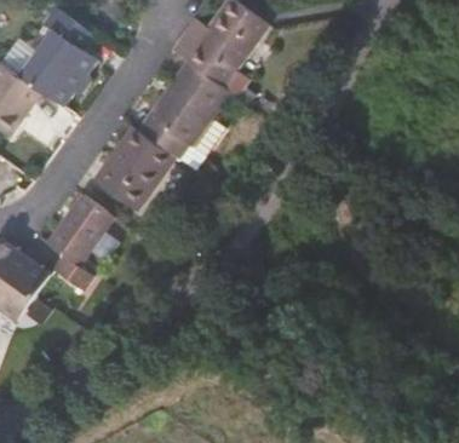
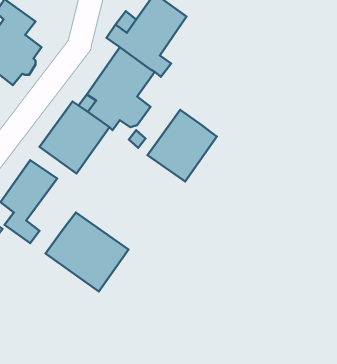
building: none -> [148,110,217,182]
building: none -> [46,213,129,292]

